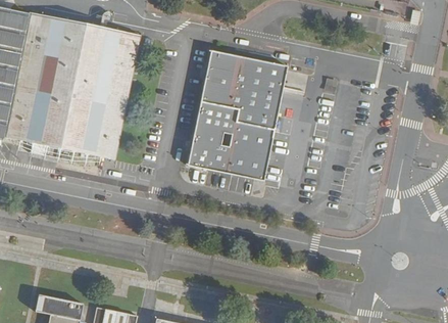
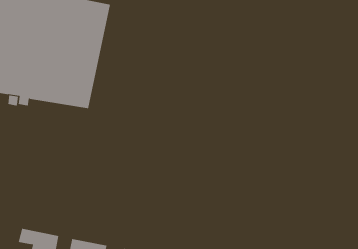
building: [189,50,289,180] -> none

